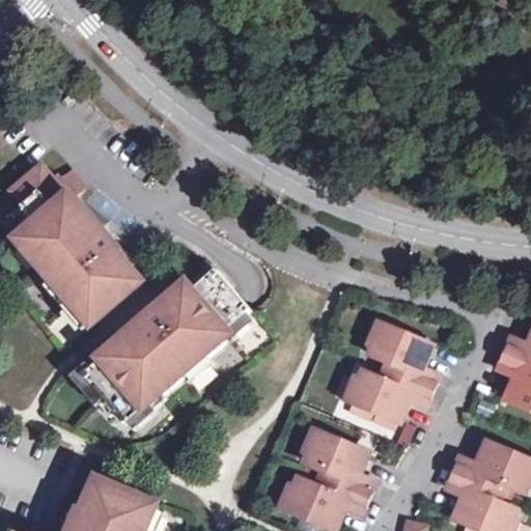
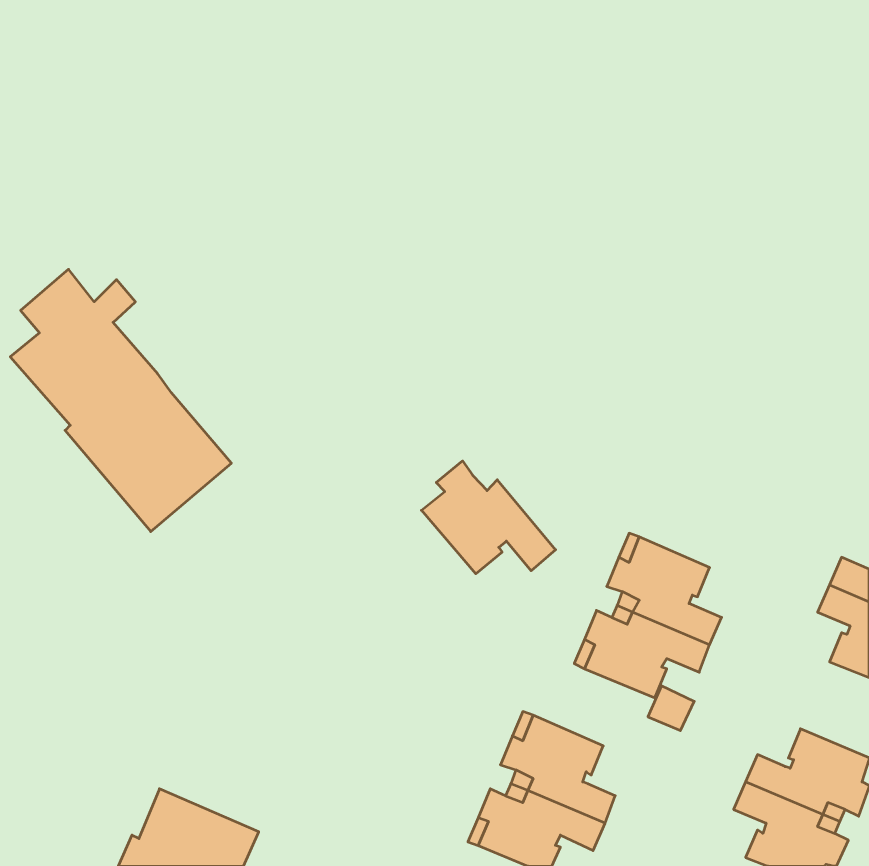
building: [82,268,250,421] -> none
building: none -> [421,461,556,574]

